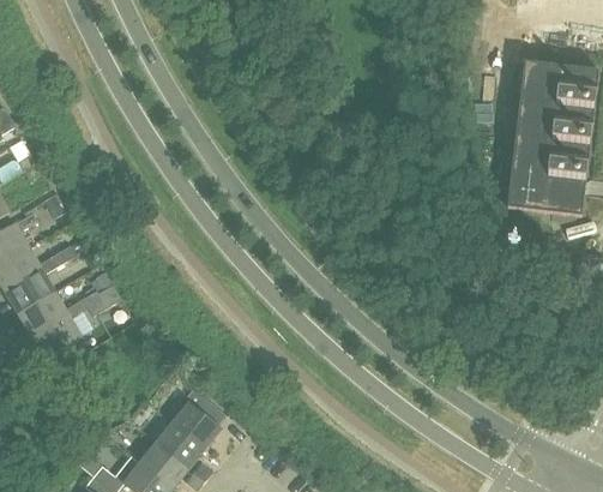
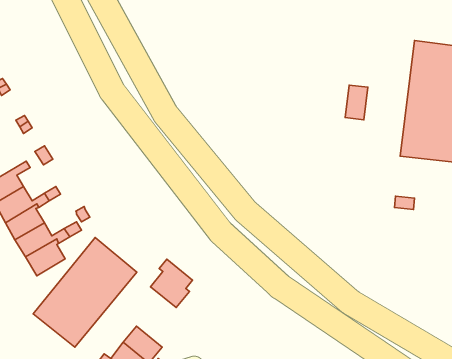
building: none -> [345,85,368,120]
building: none -> [33,238,137,347]
building: [173,388,225,449] -> [151,259,192,308]

